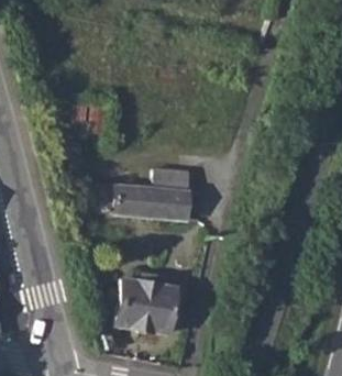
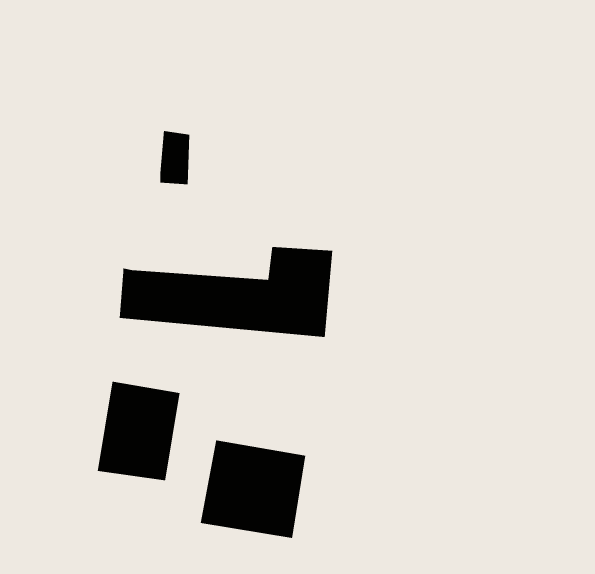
building: none -> [97,381,180,481]

